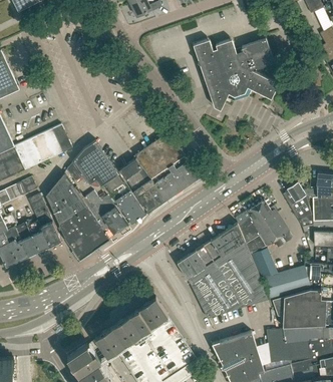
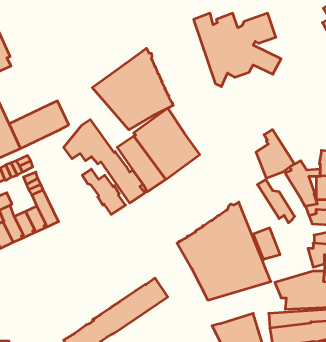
building: none -> [92,48,173,130]
building: [46,173,109,262] -> none
building: [240,207,277,254] -> [256,130,294,178]
building: [263,267,311,300] -> none

